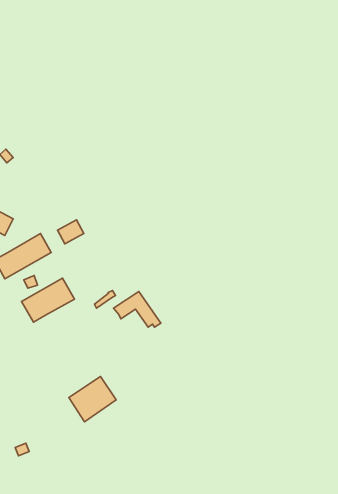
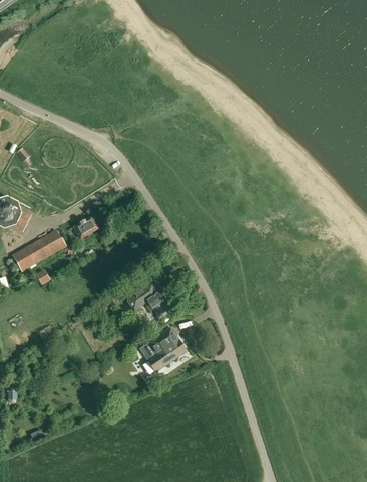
building: [22,278,74,322] -> none
building: [69,377,116,422] -> [140,328,186,371]

